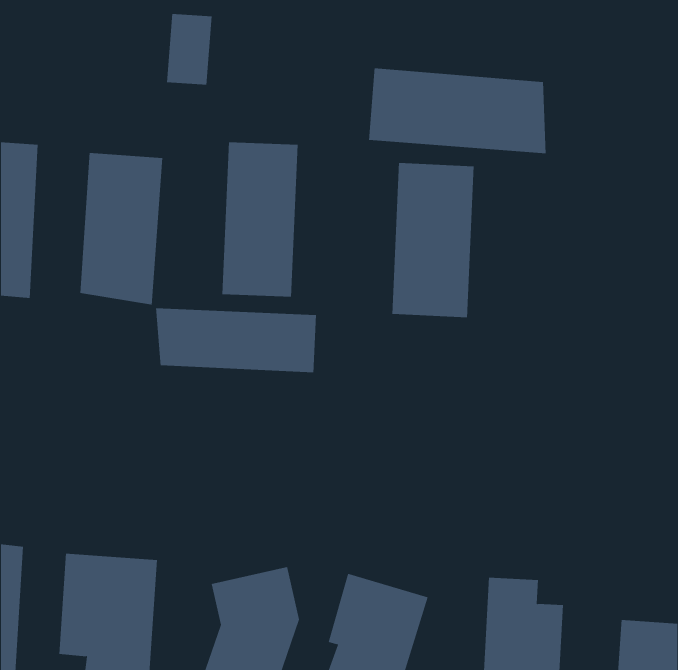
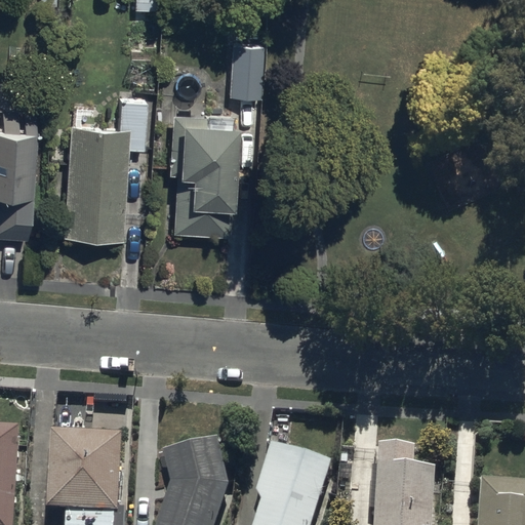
building: [166,14,213,85] -> [227,46,262,102]
building: [369,67,546,154] -> none
building: [392,162,474,318] -> none
building: [156,307,316,373] -> none

